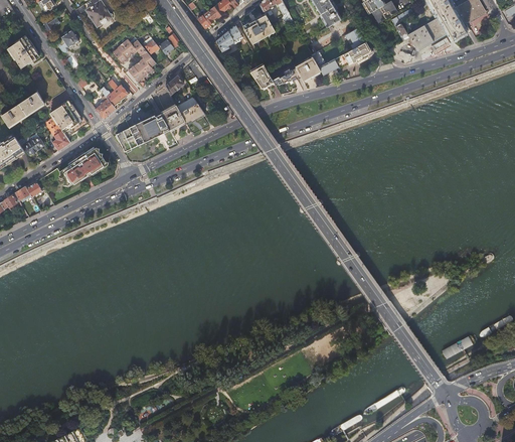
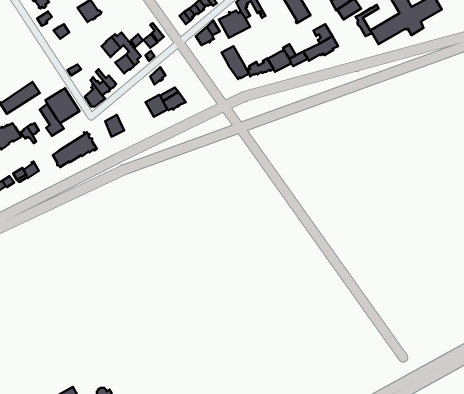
building: [7,36,38,67] -> none
building: [129,114,169,145] -> none

